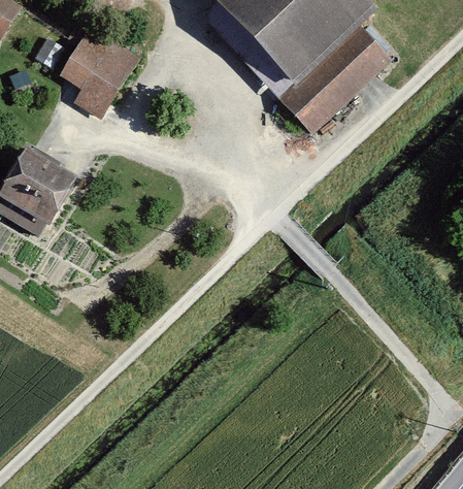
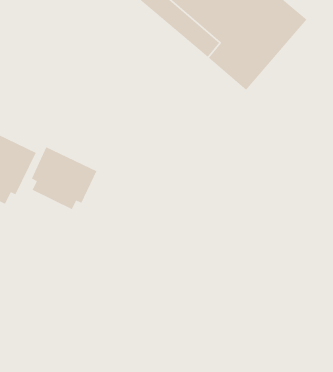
building: [59,21,137,117] -> none
building: none -> [31,146,98,210]

